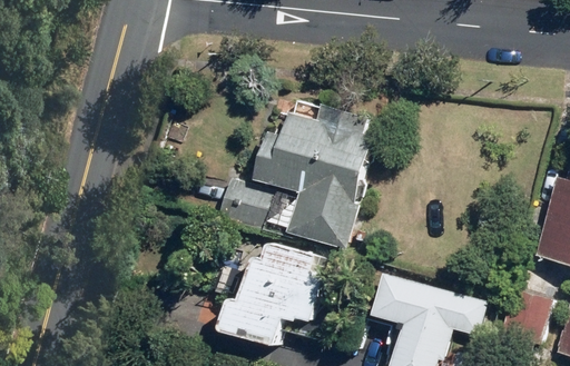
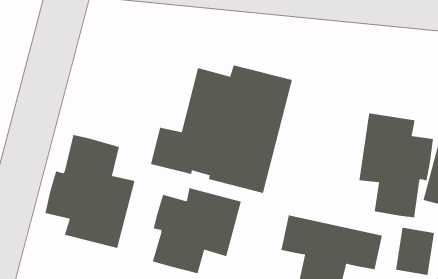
building: none -> [358,113,434,218]
building: none -> [44,134,135,249]

